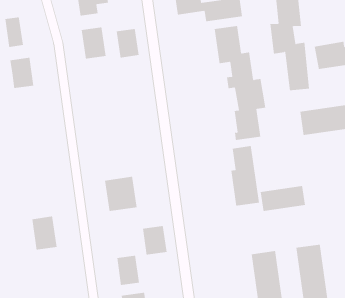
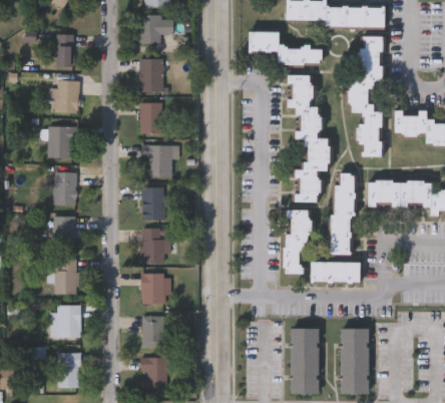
building: [116,29,139,58] -> [141,101,163,131]
building: none -> [49,124,76,155]
building: none -> [145,143,179,174]
building: none -> [329,174,355,257]
building: none -> [143,182,166,219]
building: none -> [54,170,77,204]
building: none -> [54,215,76,247]
building: [142,225,167,255] -> [141,272,165,302]
building: none -> [51,304,81,337]

